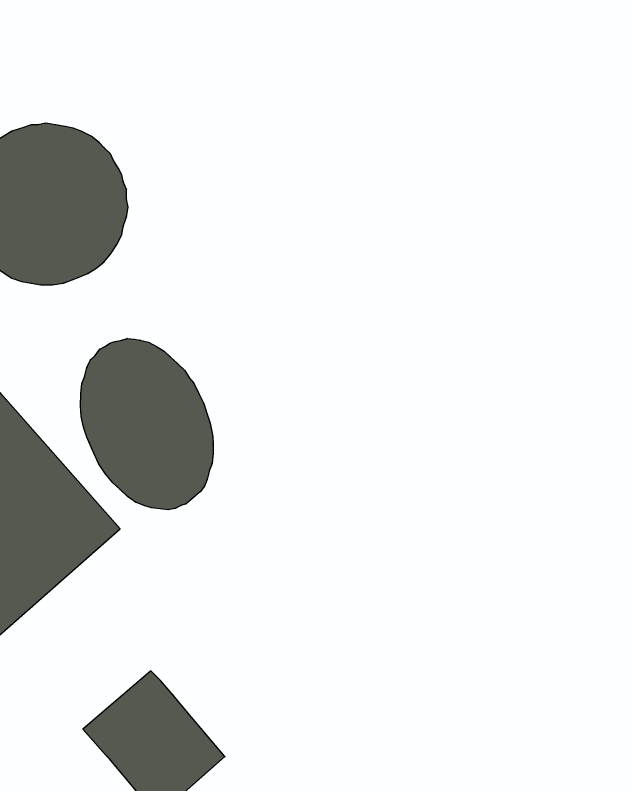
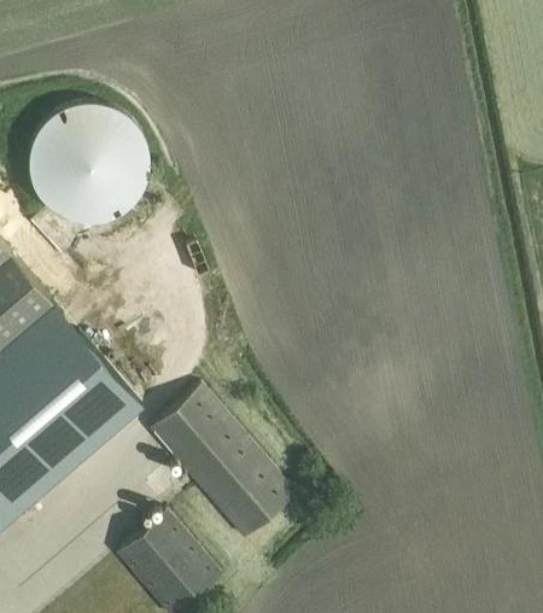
building: [81,338,213,510] -> none
building: none -> [147,385,296,541]

